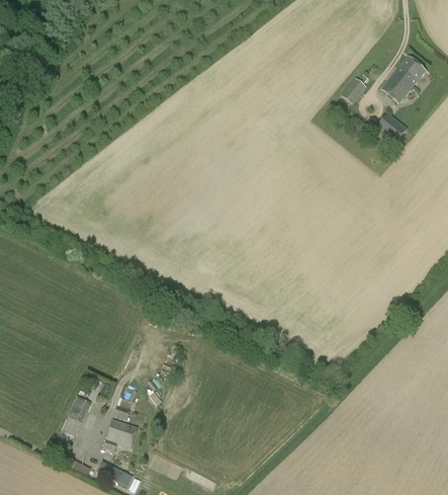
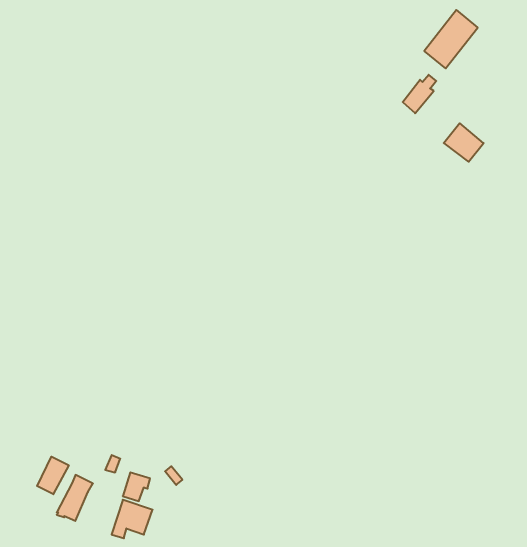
building: [381,55,425,102] -> [424,10,478,68]
building: none -> [37,457,69,494]

